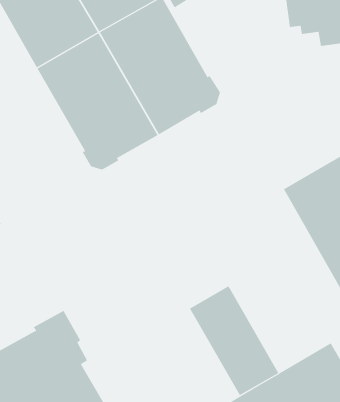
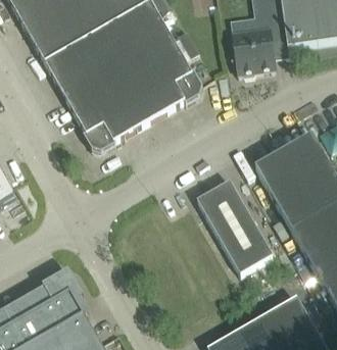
building: none -> [232,26,276,72]
building: [189,286,279,396] -> [196,178,273,271]

